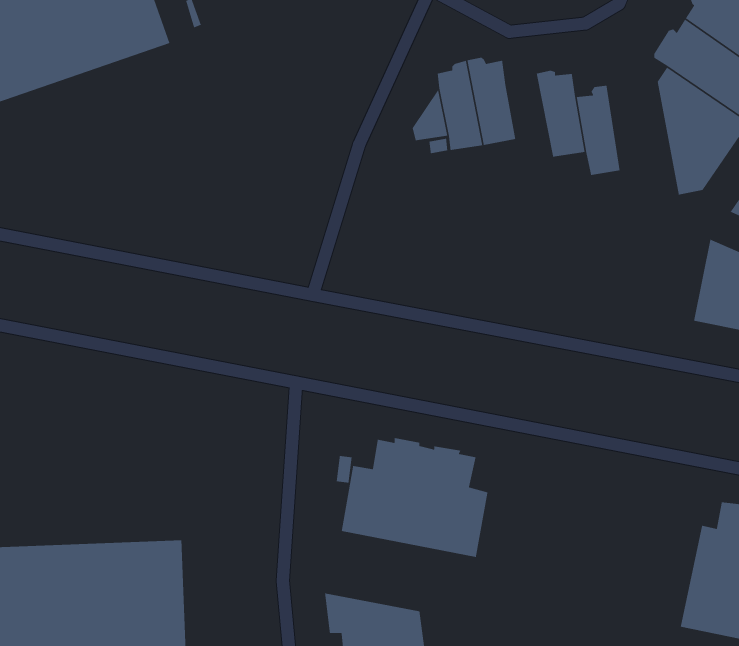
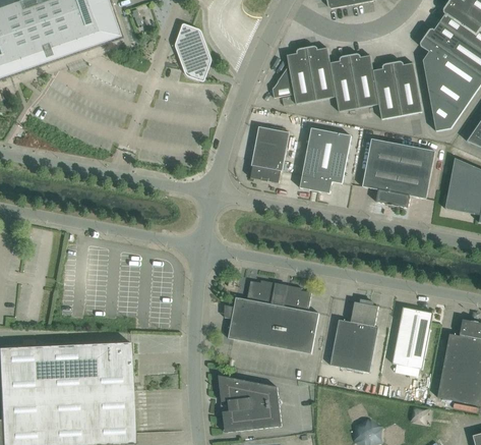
building: none -> [175,27,205,79]
building: none -> [329,55,358,111]
building: none -> [392,60,422,115]
building: none -> [250,126,289,182]
building: none -> [299,127,351,192]
building: none -> [362,137,435,207]
building: none -> [329,299,378,372]
building: none -> [392,307,433,369]

